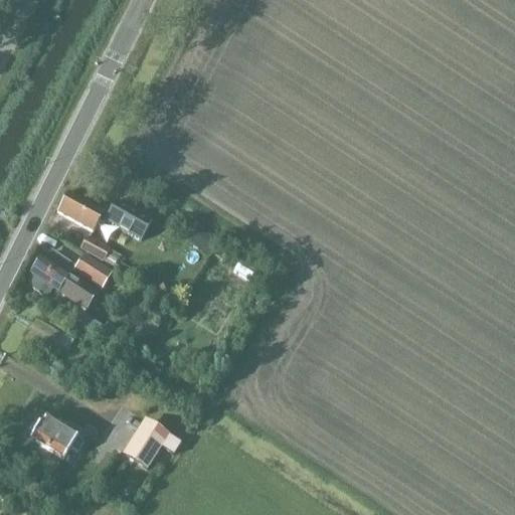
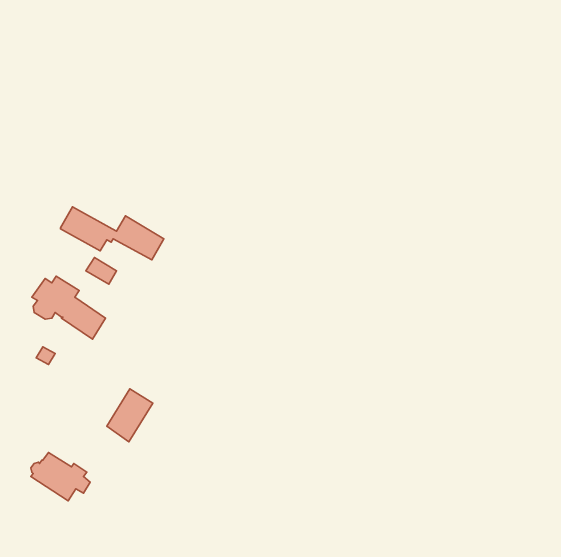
building: [71,251,113,288] -> none
building: [126,419,168,468] -> [107,389,153,442]

